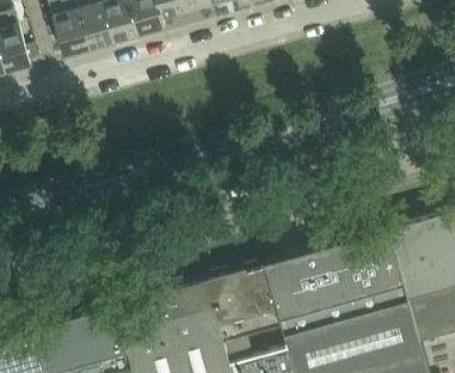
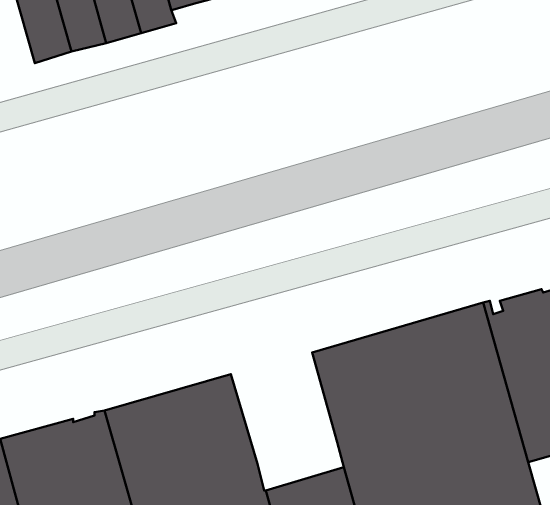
building: [203,262,279,342] -> none

